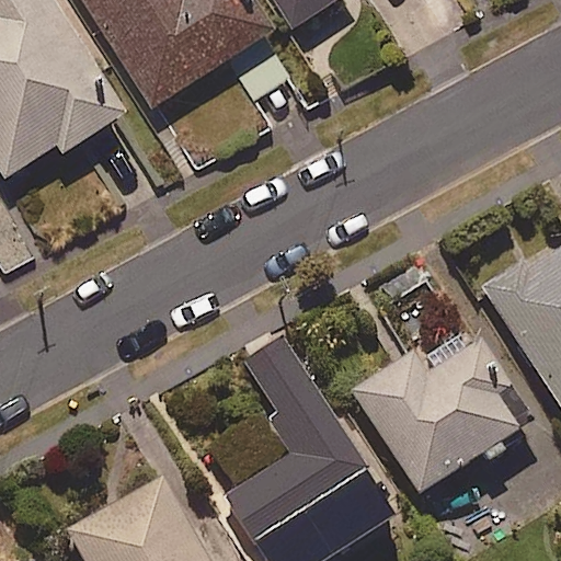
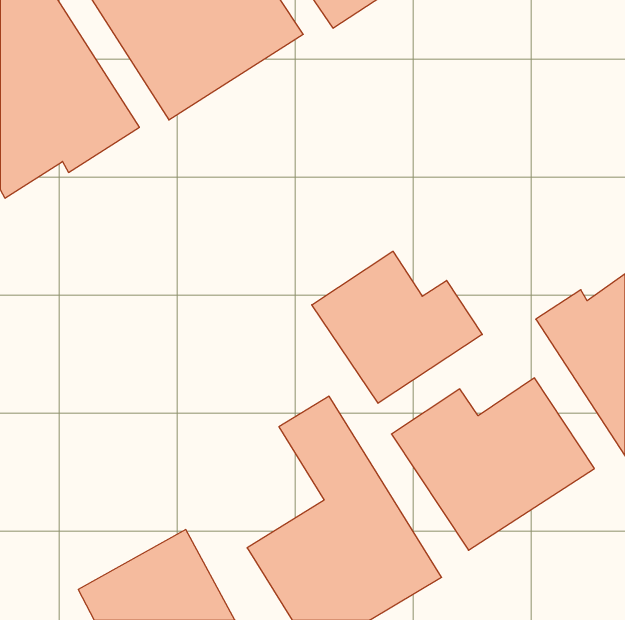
building: none -> [312,251,482,403]

